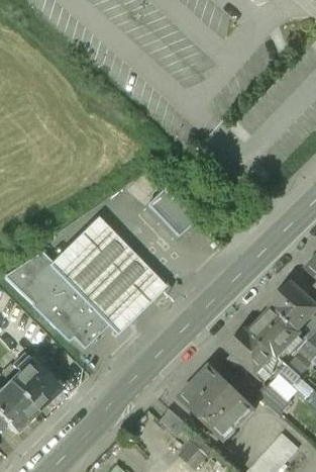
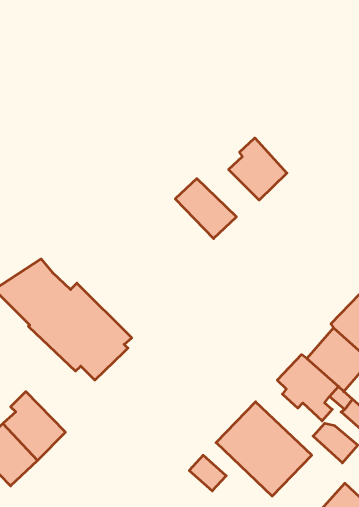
building: none -> [229,138,287,200]
building: [50,217,167,336] -> none

